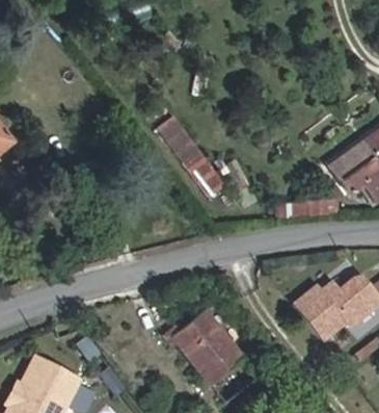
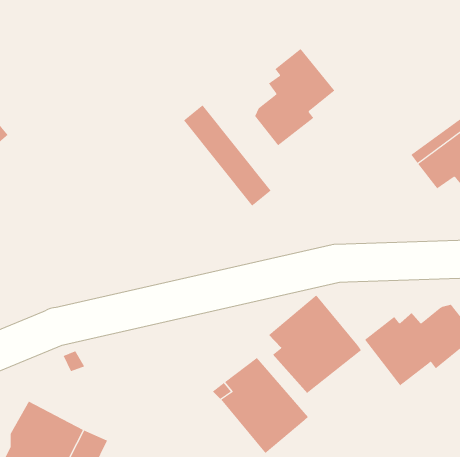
building: none -> [254,48,335,146]
building: none -> [268,295,362,394]

